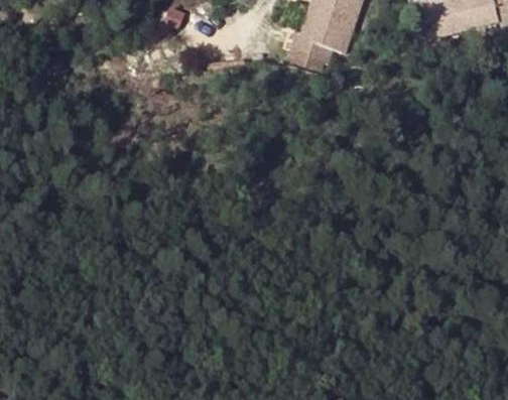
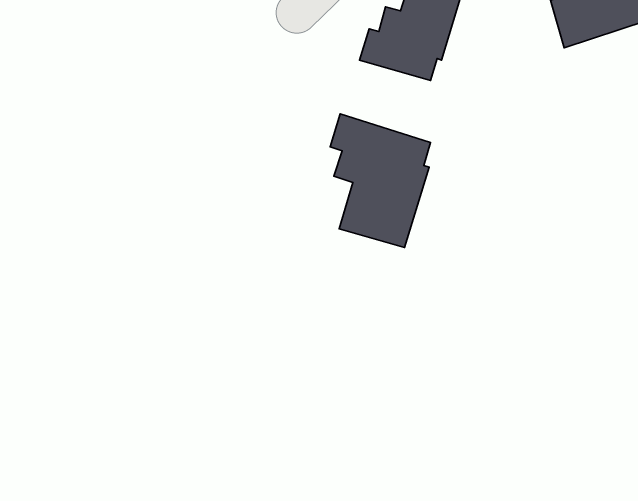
building: none -> [330,114,431,248]

